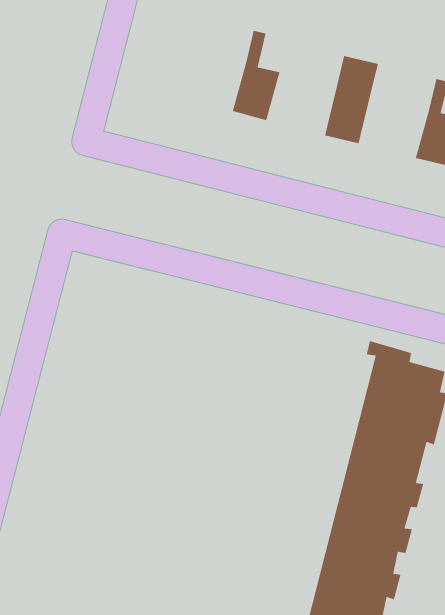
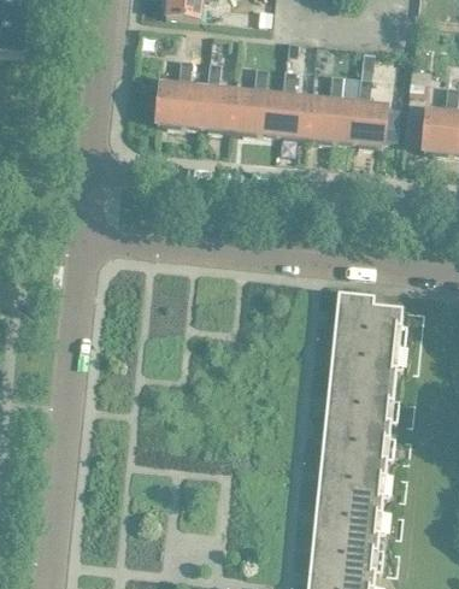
building: none -> [153,58,205,126]
building: none -> [229,65,279,135]
building: none -> [305,73,355,142]

